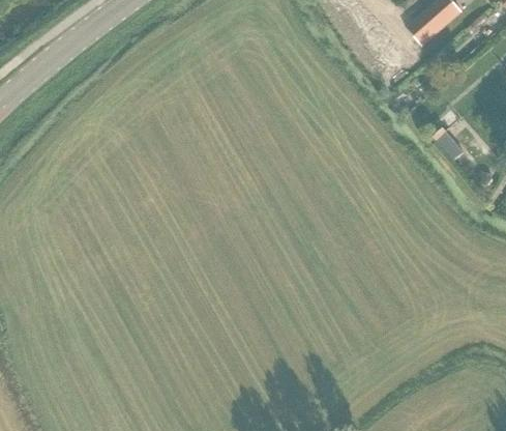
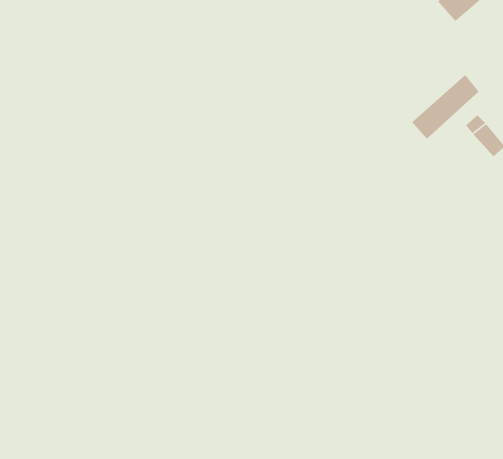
building: none -> [412,74,479,140]

